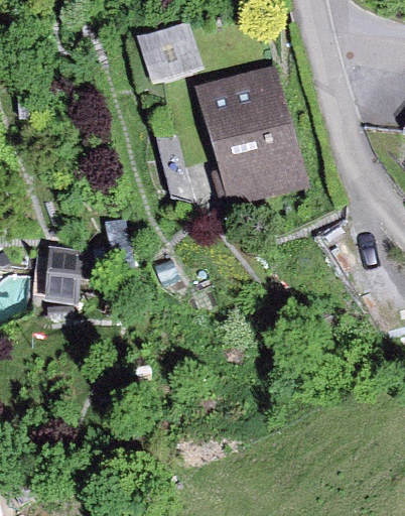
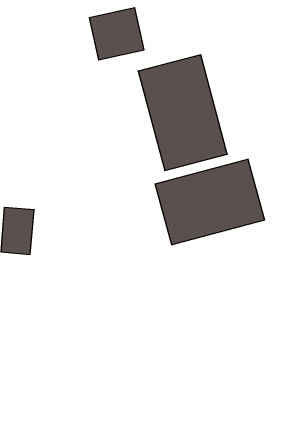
building: none -> [155,159,265,245]

